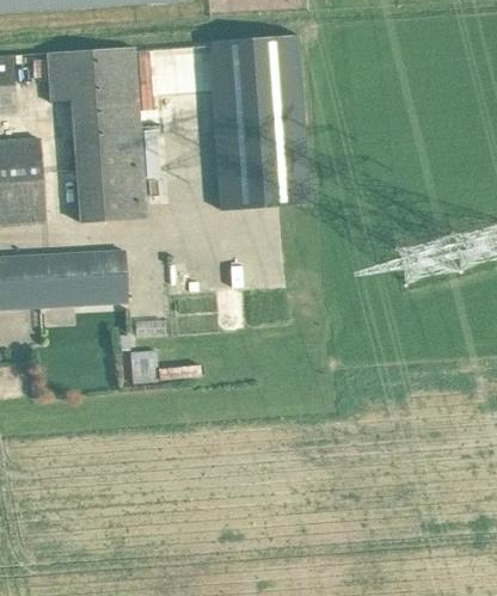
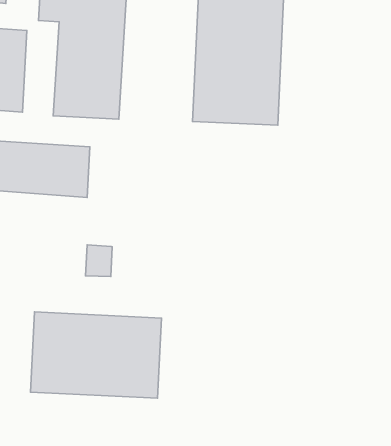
building: none -> [30,312,162,398]

